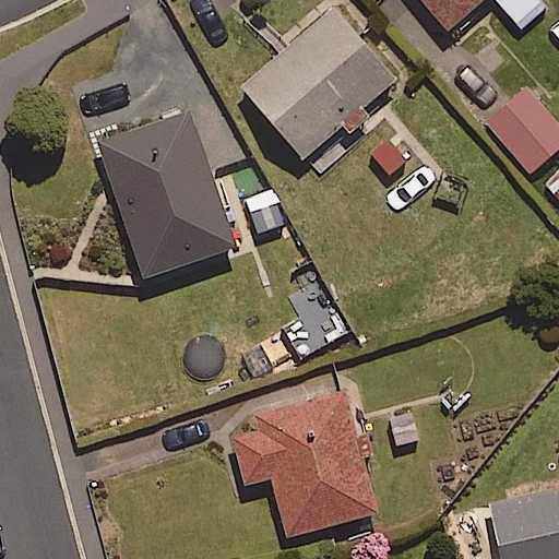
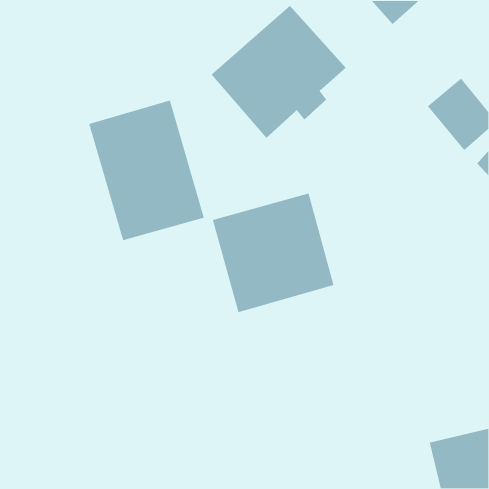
building: none -> [212,193,335,313]
building: [231,392,378,536] -> none

